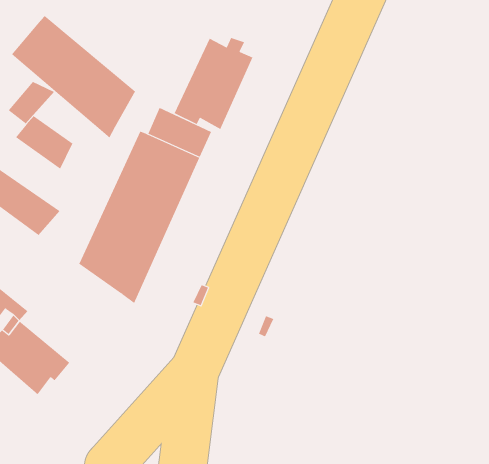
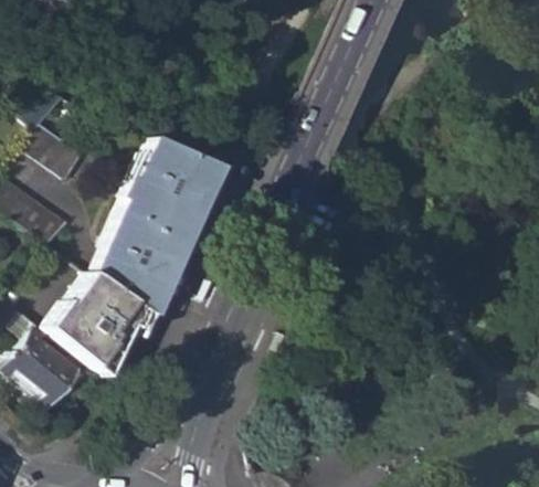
building: [11,15,136,139] -> none
building: [174,37,253,130] -> none
building: none -> [47,277,151,384]

